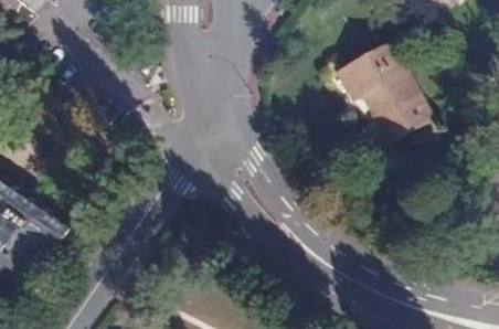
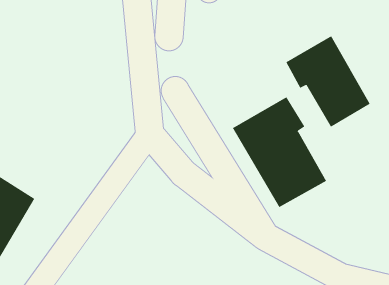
building: none -> [232,96,327,208]

